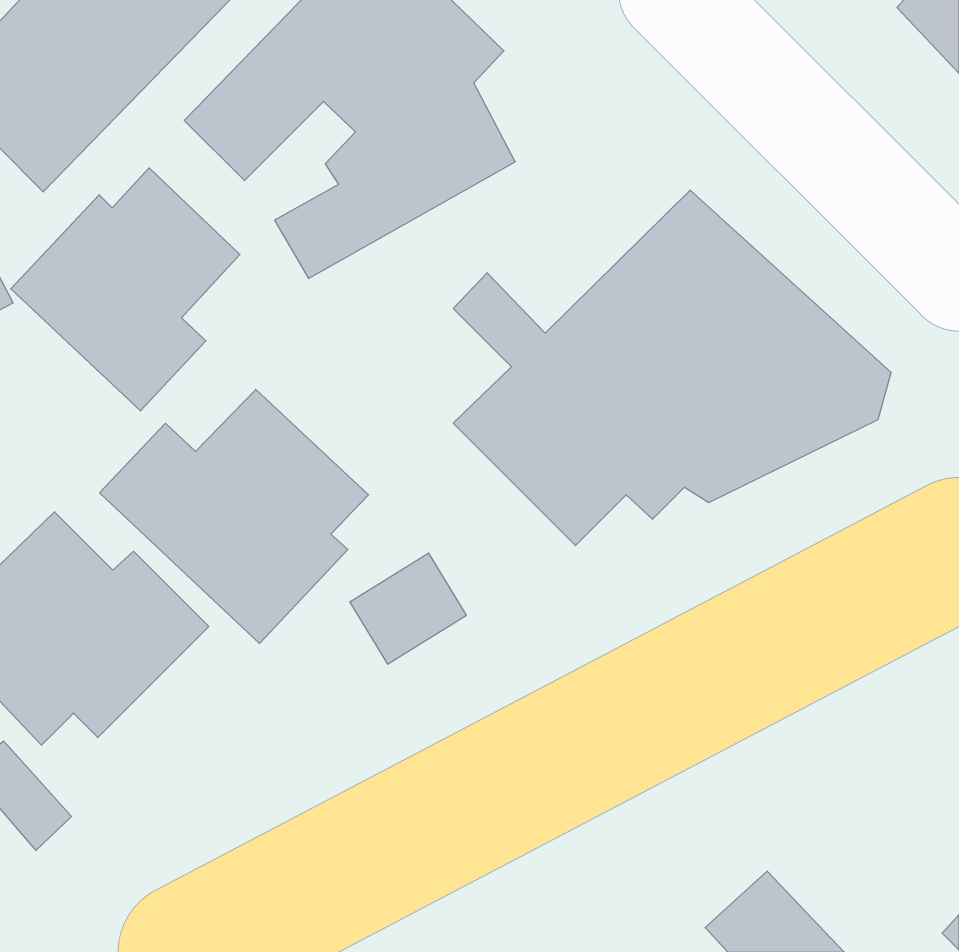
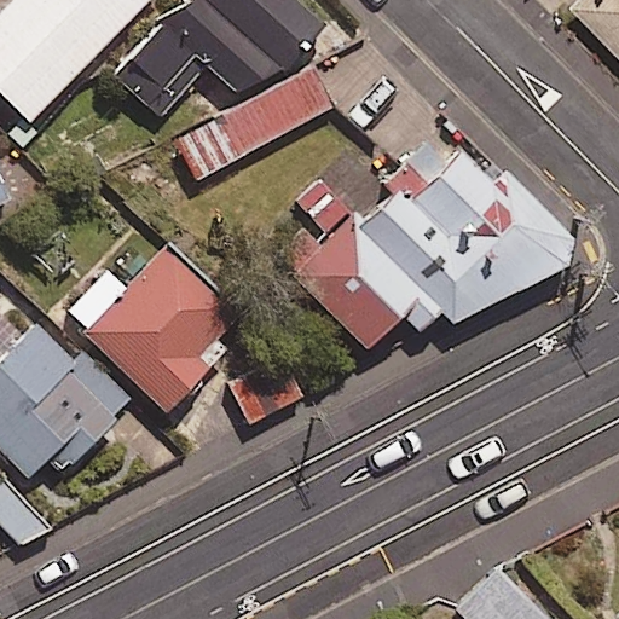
building: [11,168,240,411] -> none

